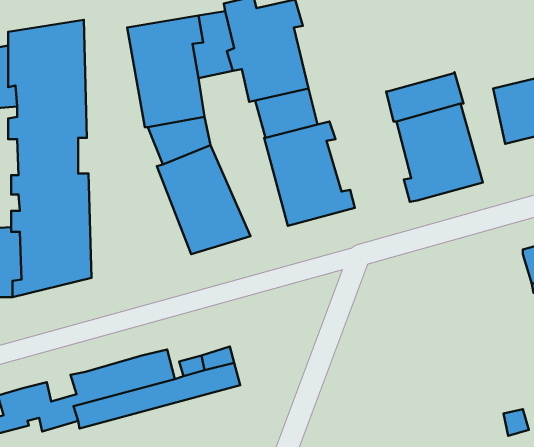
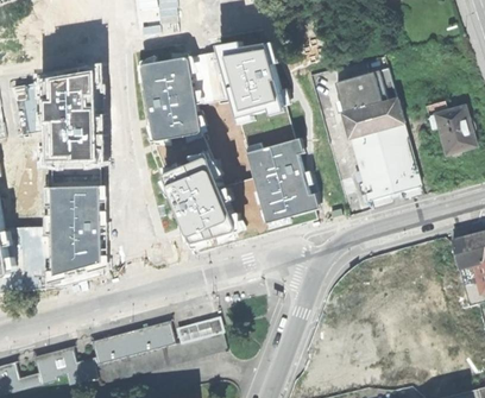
building: none -> [335,69,396,114]

